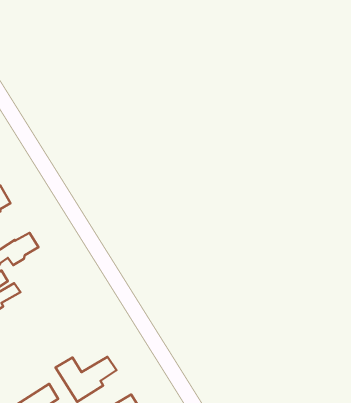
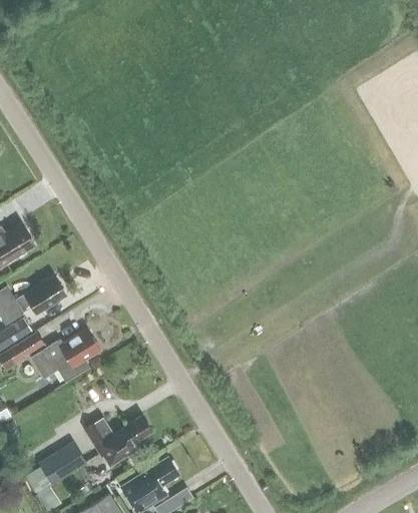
building: none -> [30,329,99,380]

